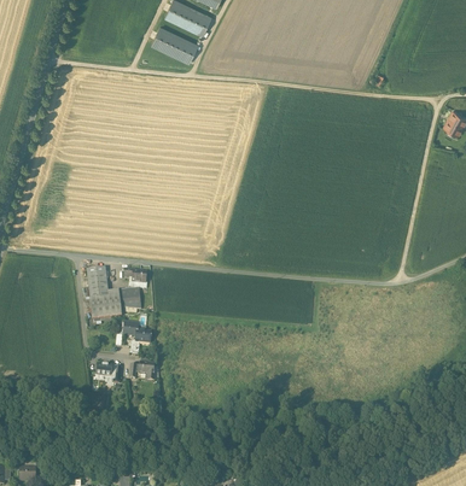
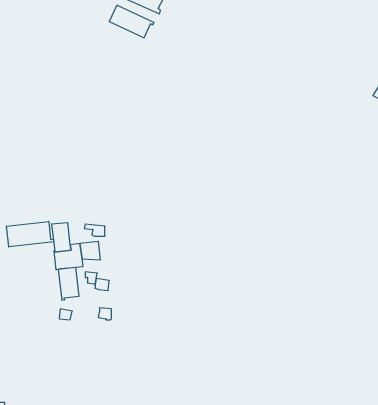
building: none -> [6,221,54,247]
building: none -> [58,267,79,300]

